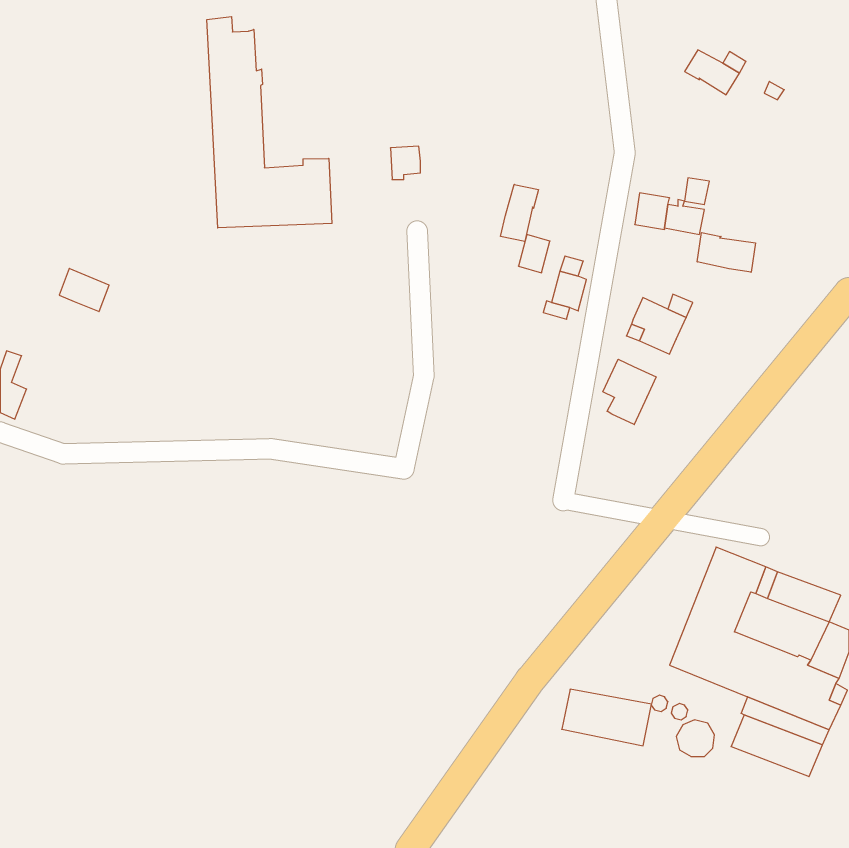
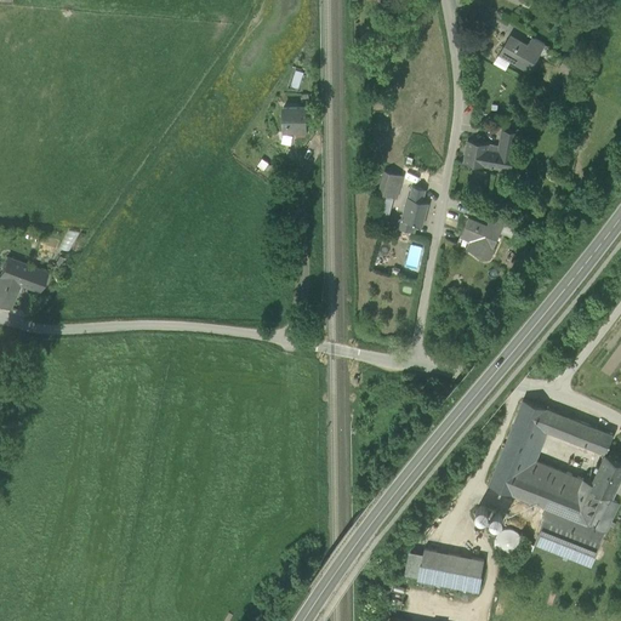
building: [207,17,332,228] -> none
building: [501,184,538,242] -> none
building: [697,233,755,272] -> none
building: [59,268,109,312] -> [8,261,45,292]
building: [603,359,656,425] -> none
building: [562,689,651,746] -> [418,549,484,591]

